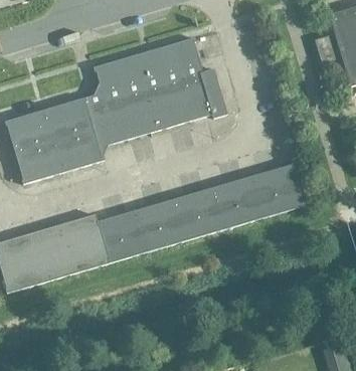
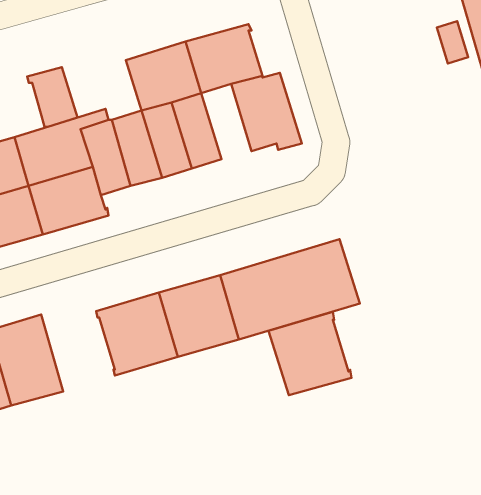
building: [93,61,125,100] -> [27,67,78,127]
building: [163,76,195,125] -> none
building: [251,164,305,217] -> [268,312,352,395]
building: [60,215,108,273] -> none

